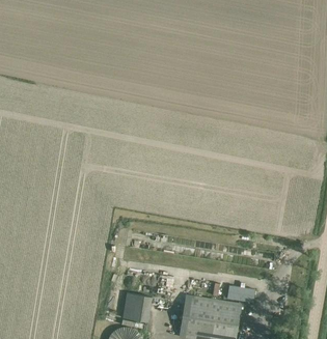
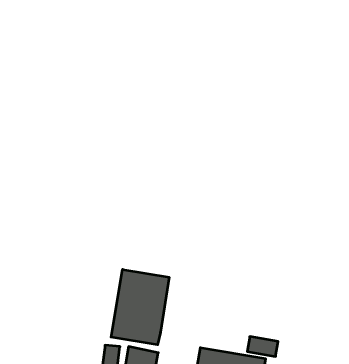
building: none -> [111,269,169,345]

